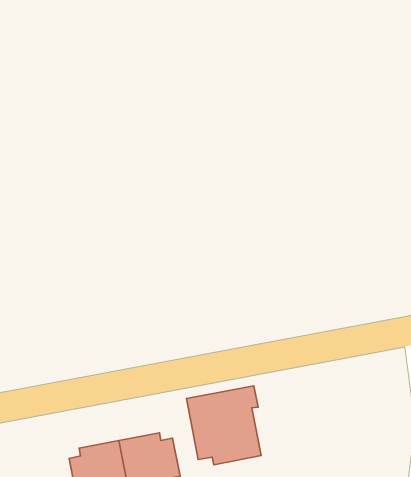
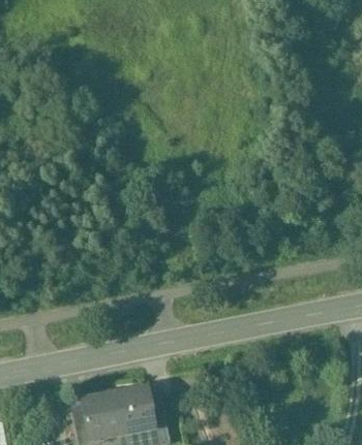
building: [186,386,261,465] -> none

